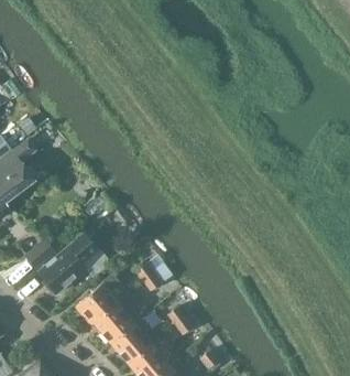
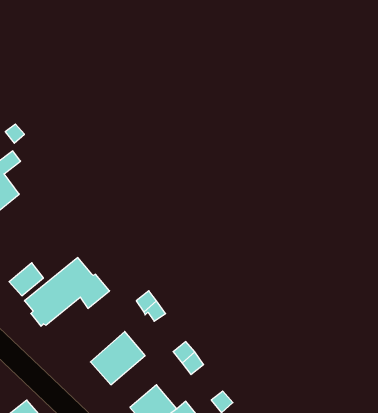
building: [75,275,128,325] -> none
building: [112,320,152,365] -> none

